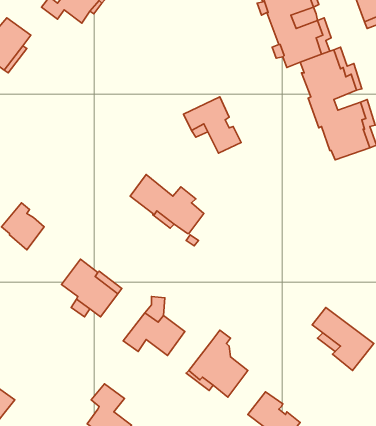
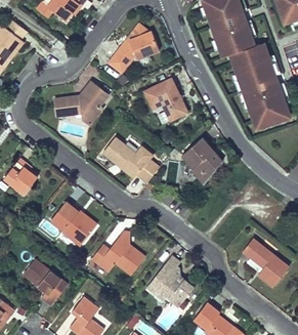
building: none -> [108,24,159,73]
building: none -> [53,81,108,120]
building: none -> [181,137,222,179]
building: none -> [23,259,67,305]

